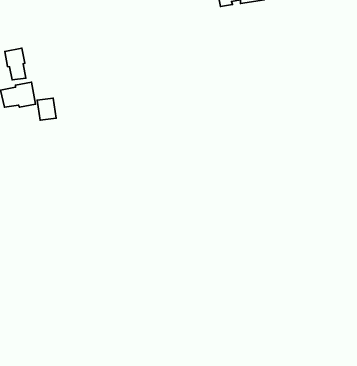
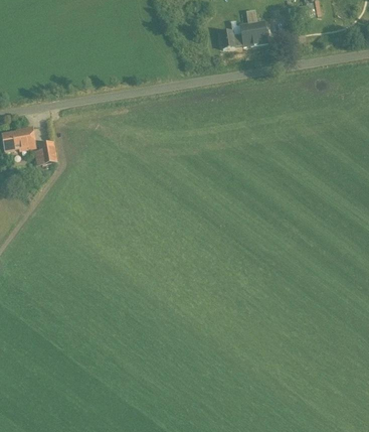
building: [5,48,26,80] -> none

